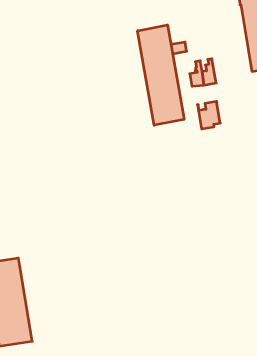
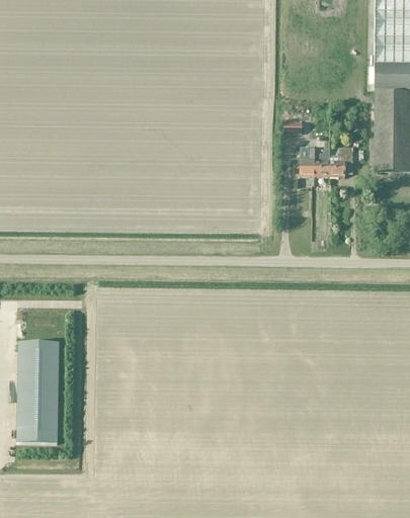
building: [138,25,184,125] -> none
building: [197,101,220,129] -> [329,147,352,176]

